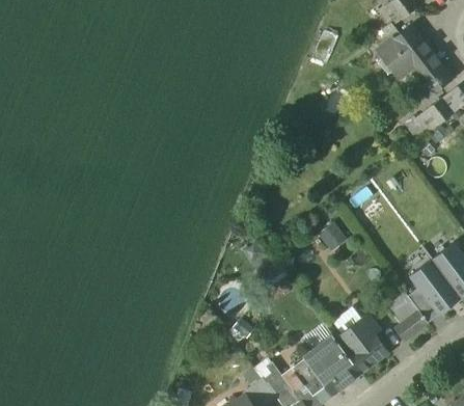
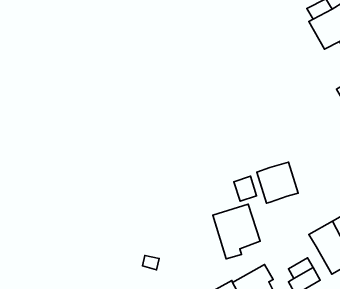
building: none -> [257,162,298,203]
building: none -> [213,204,260,259]

